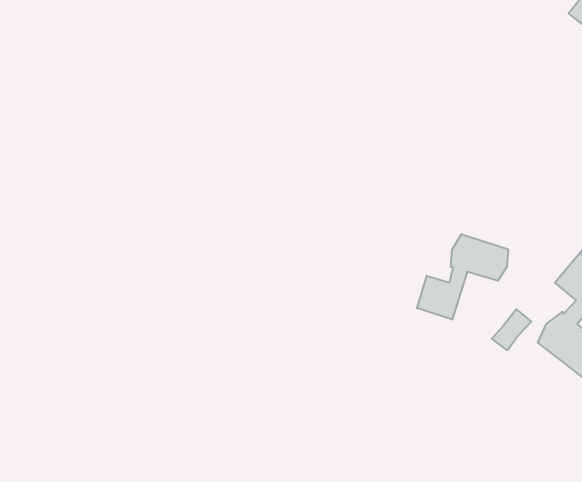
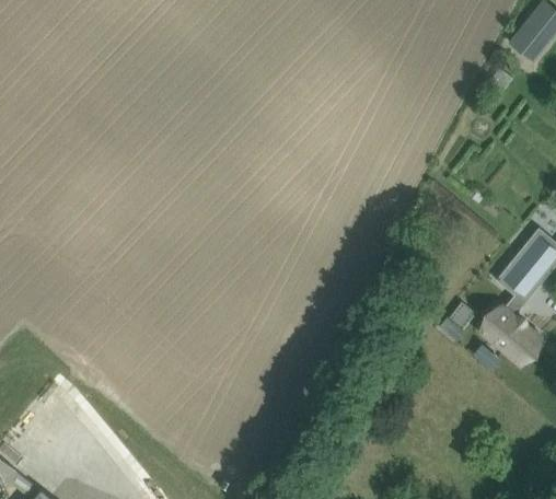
building: [417,234,508,320] -> none

